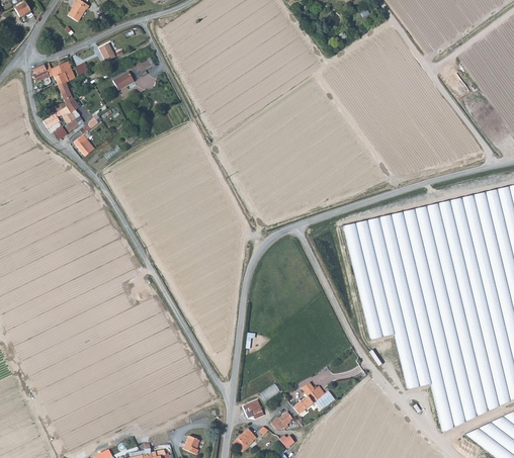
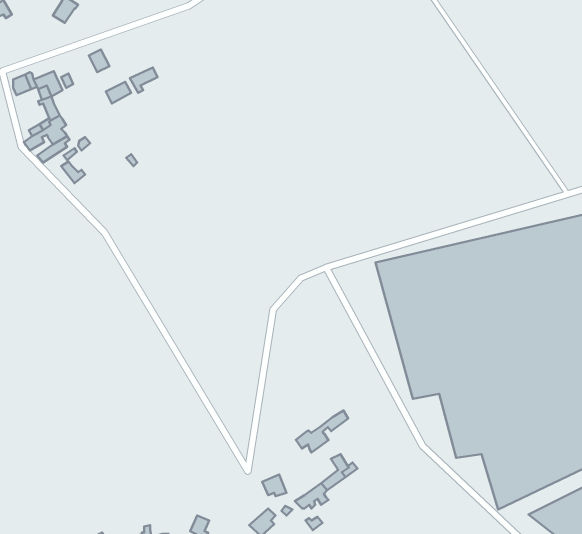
building: none -> [296,410,348,453]

